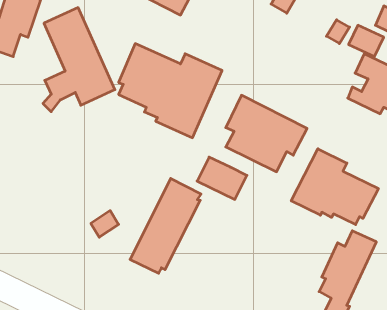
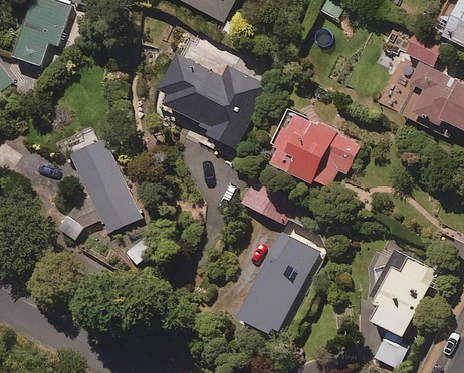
building: [43,8,115,112] -> [64,125,143,239]
building: [291,149,378,225] -> none
building: [130,178,201,273] -> [239,231,316,334]

